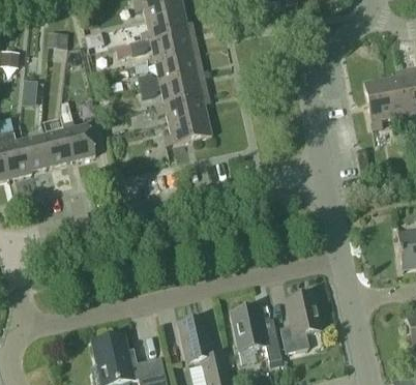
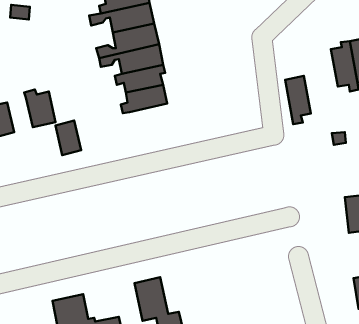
building: [364,78,391,128] -> [285,76,311,124]
building: [44,128,71,165] -> [55,121,81,155]
building: [280,293,321,352] -> none
building: [231,305,281,361] -> none

